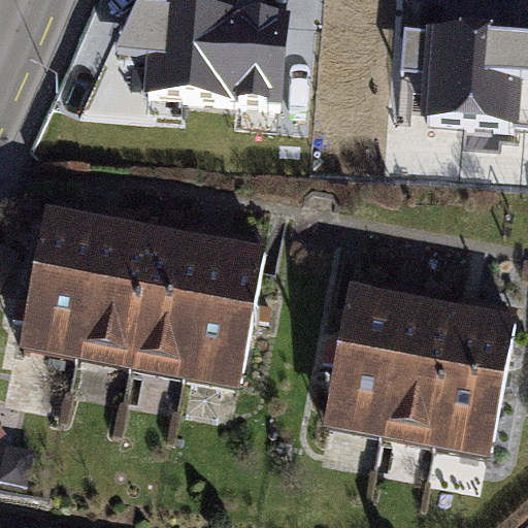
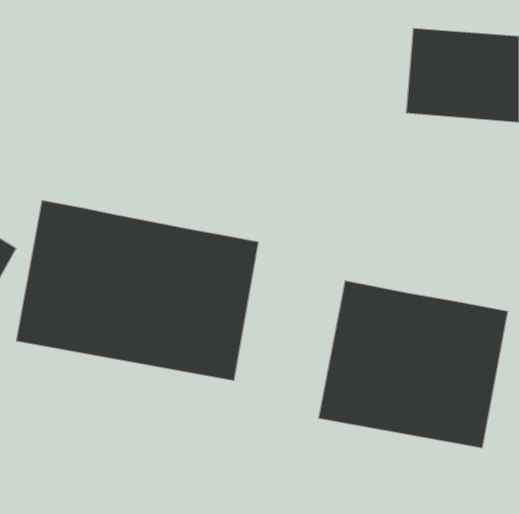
building: [123,12,294,110] -> none

